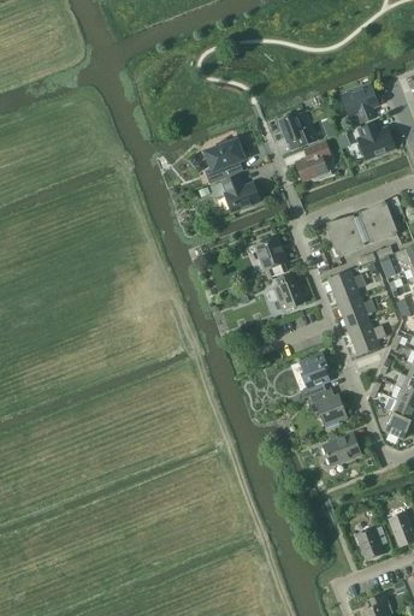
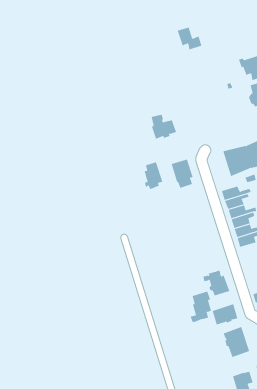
building: [279,114,315,147] -> [177,27,202,50]
building: [202,137,243,183] -> none
building: [295,141,332,180] -> none
building: [273,272,301,312] -> [144,161,163,190]
building: [298,353,329,398] -> [190,291,212,323]
building: none -> [223,326,250,358]

